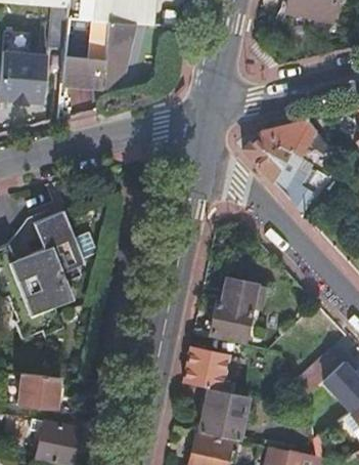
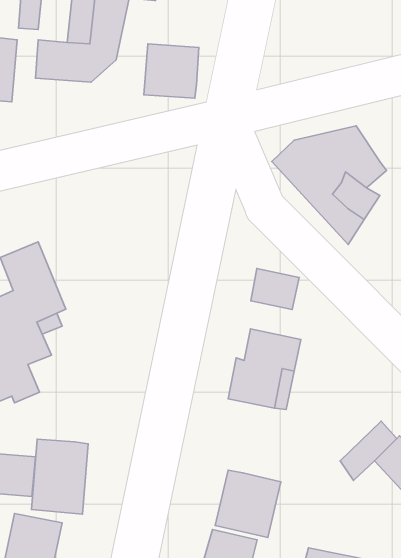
building: none -> [144,44,199,98]
building: none -> [251,269,299,309]
building: [184,348,229,391] -> none
building: none -> [32,439,88,514]

